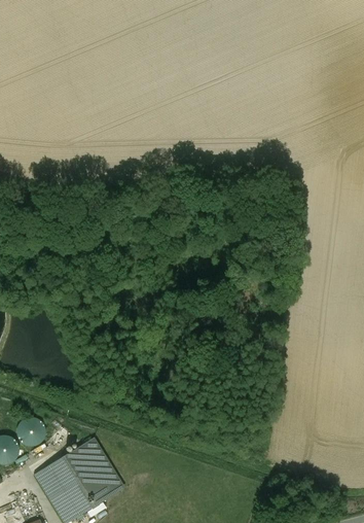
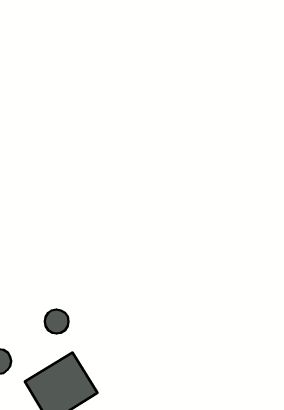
building: [16,418,45,447] -> [45,310,69,334]

